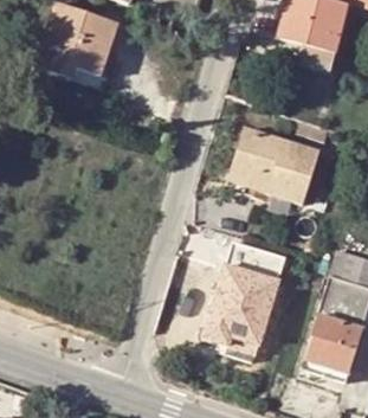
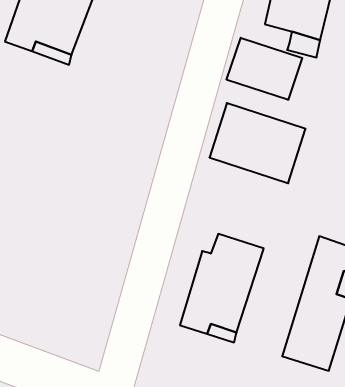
building: none -> [227,38,302,100]

